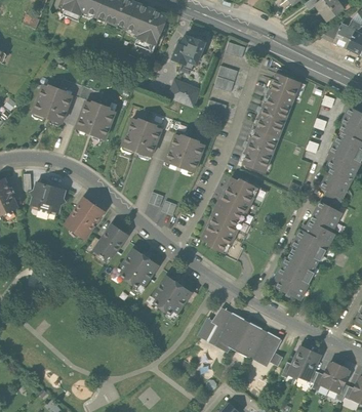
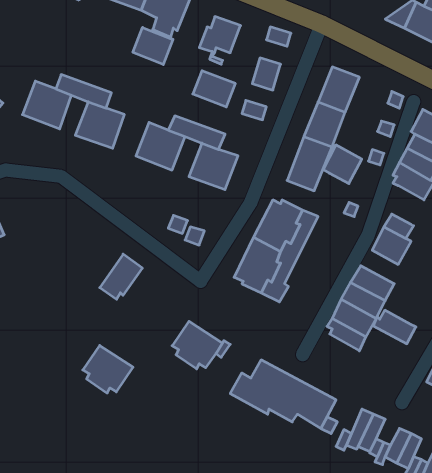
building: none -> [133,27,173,65]
building: [320,168,351,199] -> [323,145,362,184]
building: [31,181,65,211] -> none
building: [65,197,104,240] -> none
building: [300,219,334,246] -> [373,310,416,344]
building: [118,249,158,287] -> [83,345,133,393]

